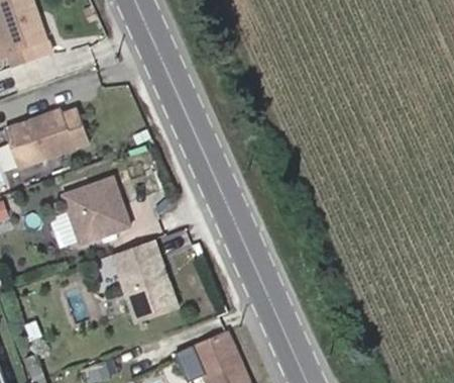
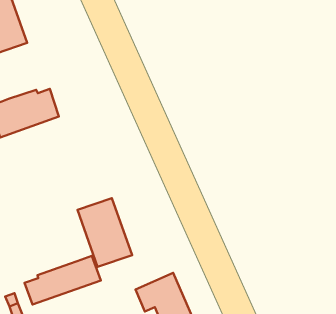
building: [61,178,128,245] -> none
building: none -> [24,256,101,304]

